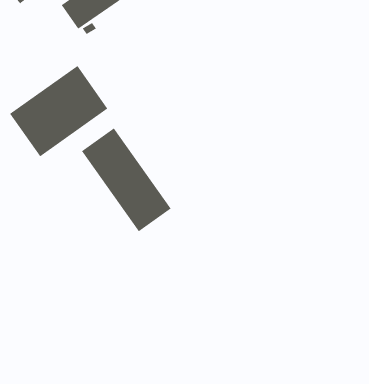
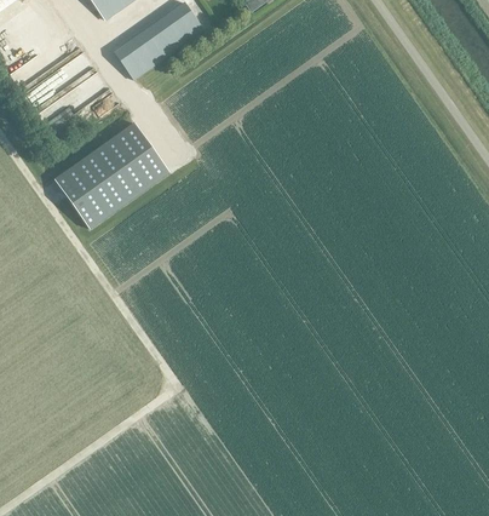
building: [81,127,172,232] -> none

